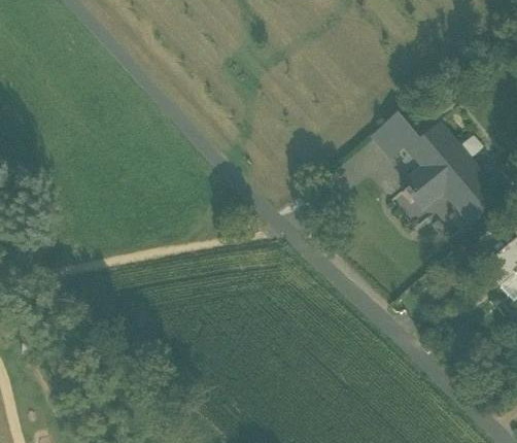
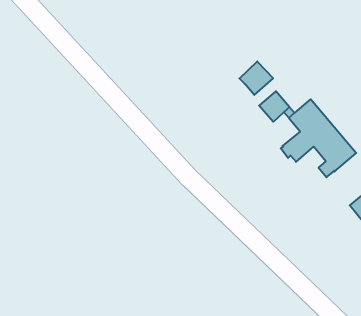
building: none -> [239,61,273,95]

